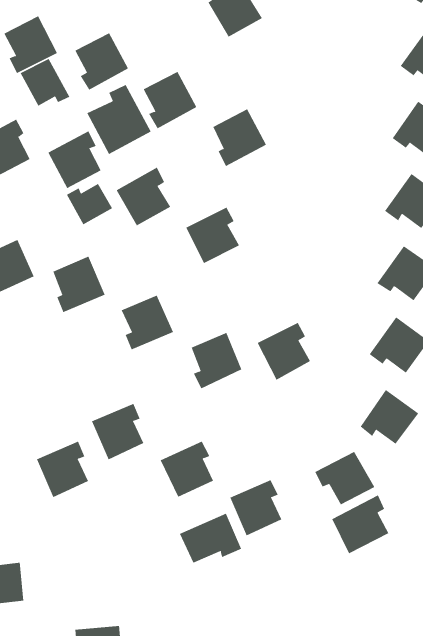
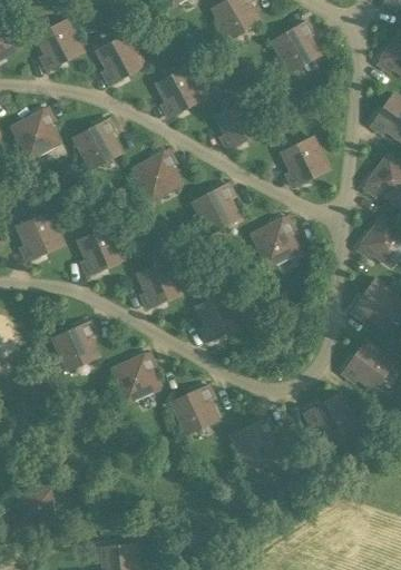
building: none -> [271,21,319,72]
building: [20,58,70,106] -> none
building: [86,84,151,155] -> none
building: none -> [282,137,327,187]
building: [66,183,113,225] -> none
building: [257,322,311,380] -> [252,217,299,267]
building: [36,441,89,498] -> [52,323,98,372]
building: [332,494,389,554] -> none
building: [179,513,242,564] -> none

